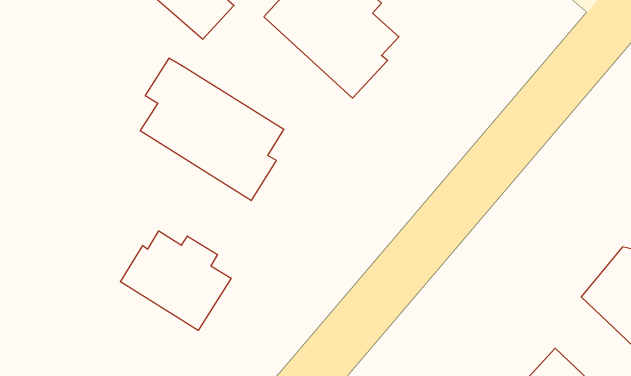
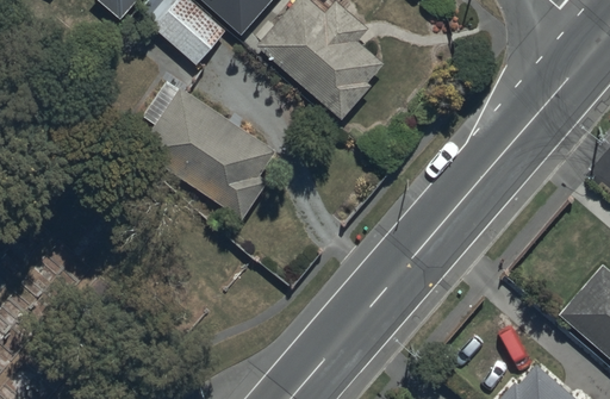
building: [120,231,231,330] -> none

